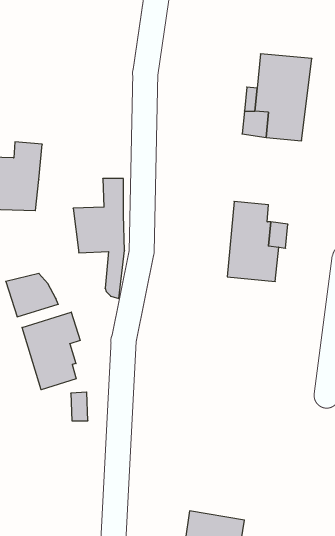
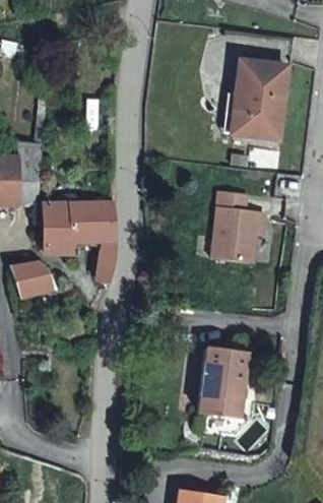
building: none -> [45,201,76,252]
building: [22,312,80,390] -> none
building: none -> [197,350,245,420]

